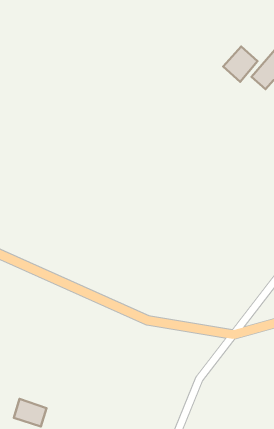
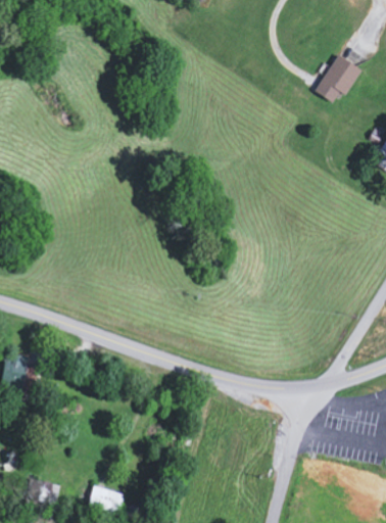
building: [223,46,257,82] -> none

